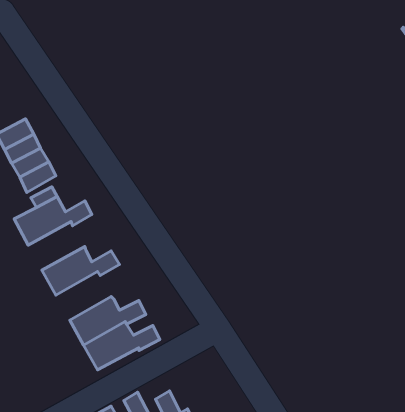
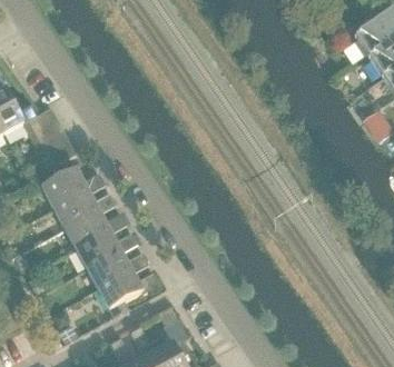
building: none -> [53,187,116,226]
building: none -> [76,227,138,266]

